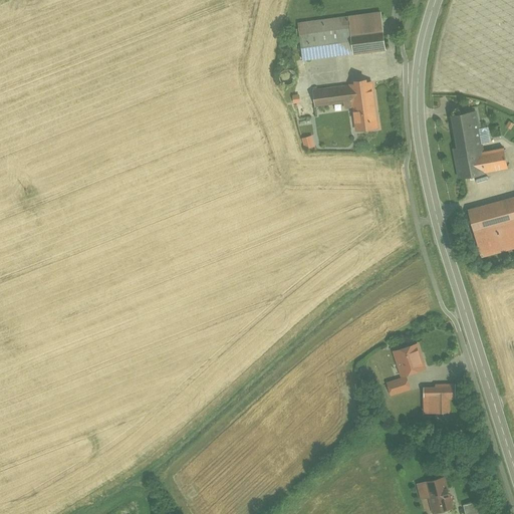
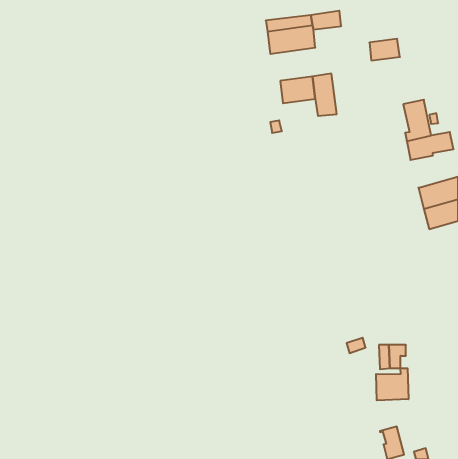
building: [350,29,384,53] -> [369,39,400,60]
building: [395,344,424,374] -> none
building: none -> [376,368,408,400]

